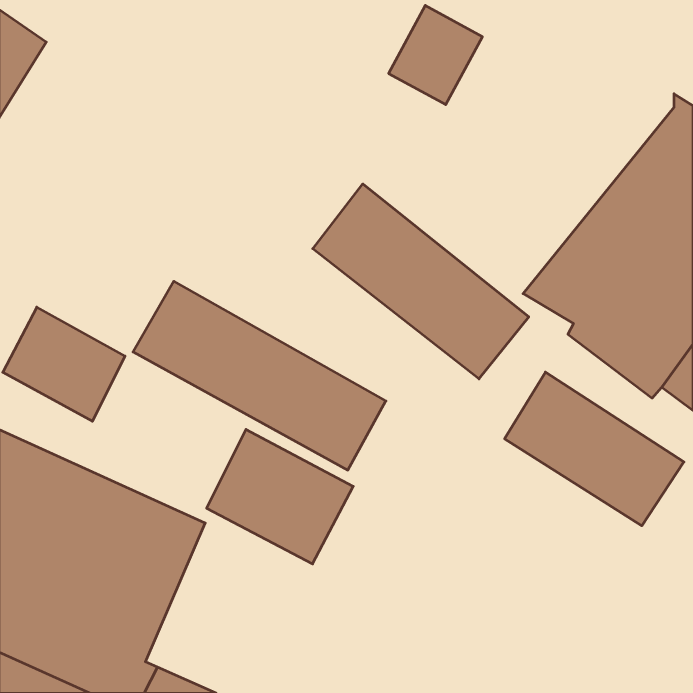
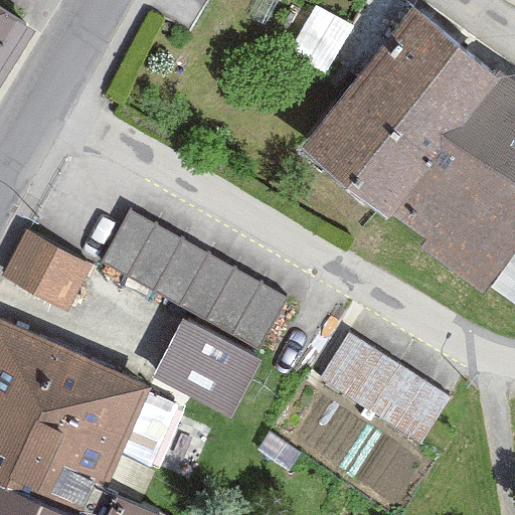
building: none -> [301,6,499,217]
building: [313,184,529,379] -> none
building: [505,372,684,526] -> [319,331,452,445]

